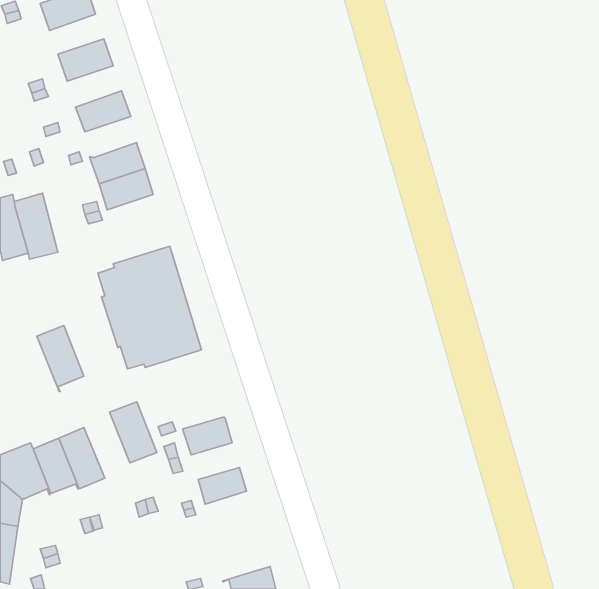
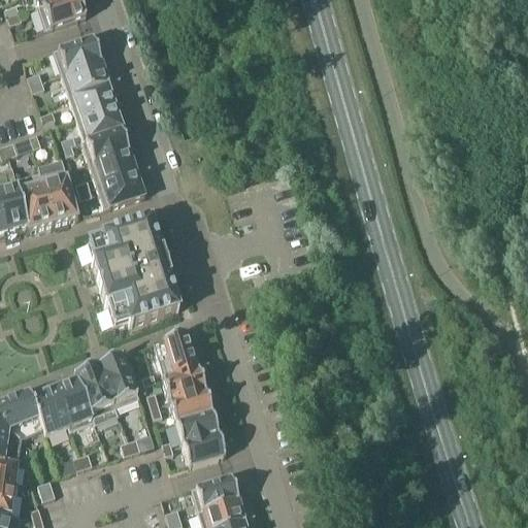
building: none -> [62,58,109,94]
building: none -> [77,102,125,138]
building: none -> [40,163,78,221]
building: none -> [97,170,145,206]
building: [37,326,84,392] -> [75,361,117,419]
building: none -> [163,329,200,376]
building: none -> [170,388,212,420]
building: none -> [183,430,226,463]
building: none -> [192,473,239,508]

